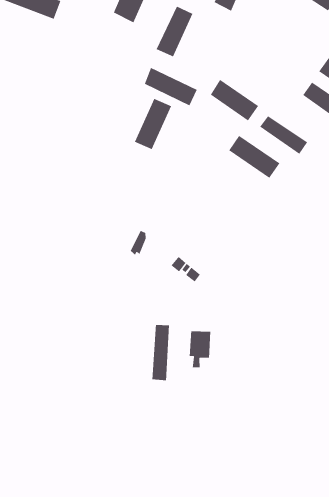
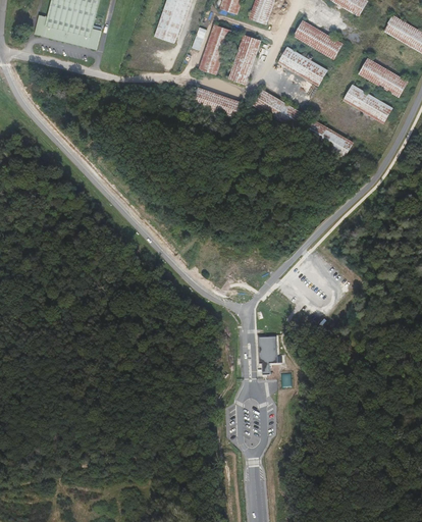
building: none -> [293,18,342,58]
building: [134,98,172,150] -> [226,34,260,85]
building: [228,135,280,179] -> [276,46,328,86]
building: [151,324,170,381] -> none

